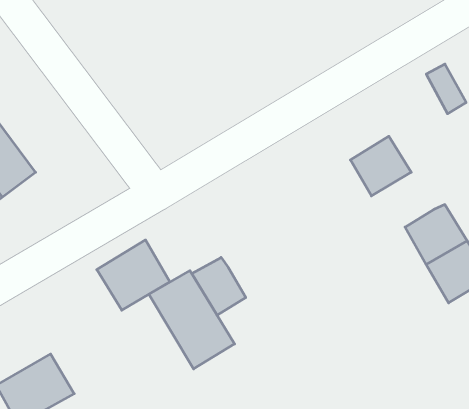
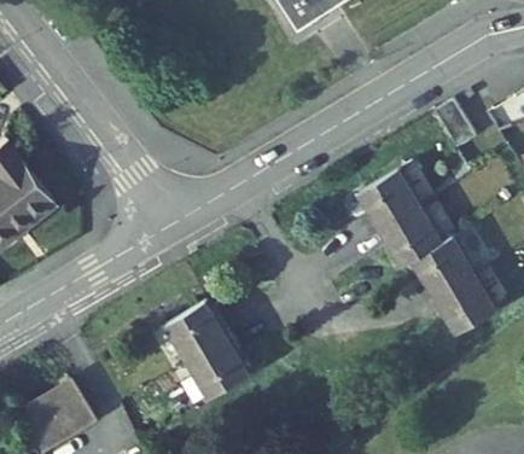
building: none -> [382,204,442,263]
building: [97,240,170,310] -> none
building: [192,257,246,315] -> none

